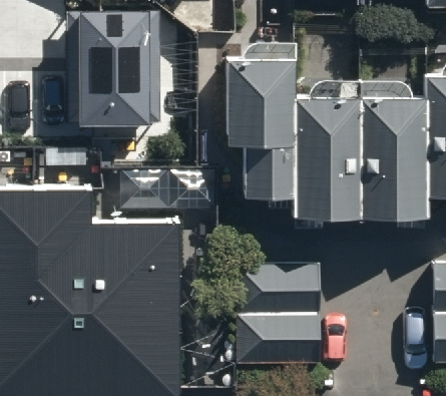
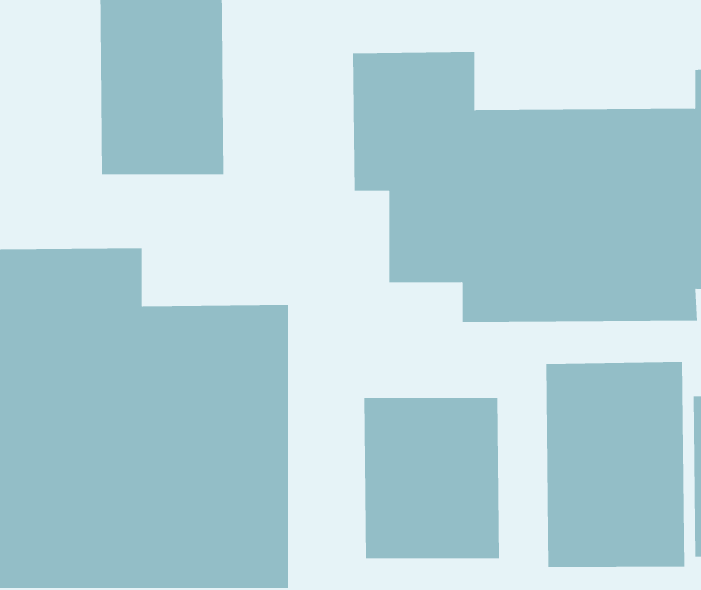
building: none -> [546,361,685,568]

